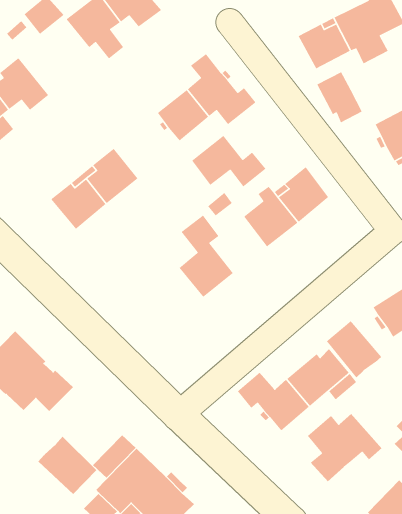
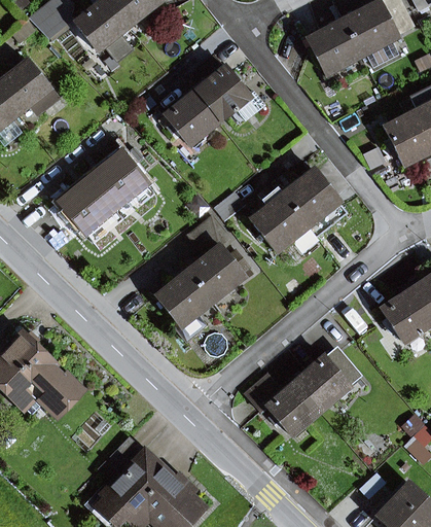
building: [316,71,363,124] -> none
building: [191,135,266,188] -> none
building: none -> [156,270,212,341]
building: [326,320,382,378] -> none
building: [307,413,382,482] -> none
building: [37,436,97,495] -> none

